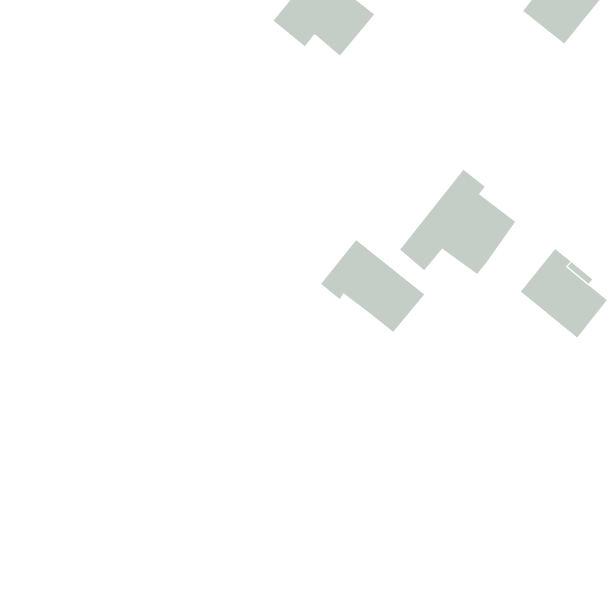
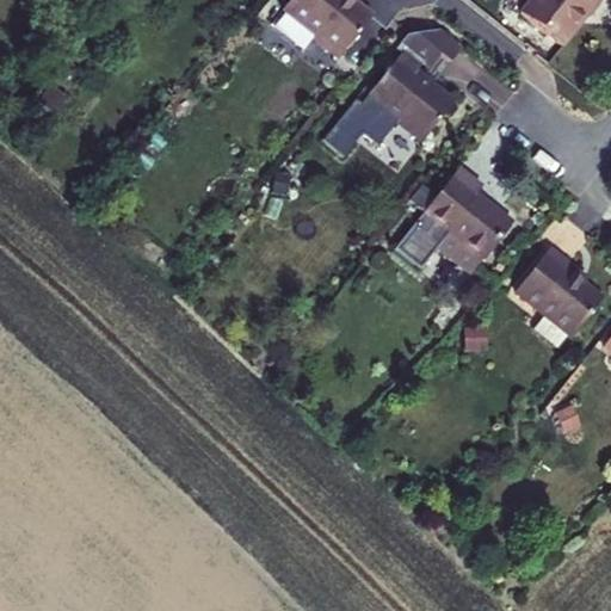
building: none -> [322,27,463,156]
building: [320,239,425,333] -> none

